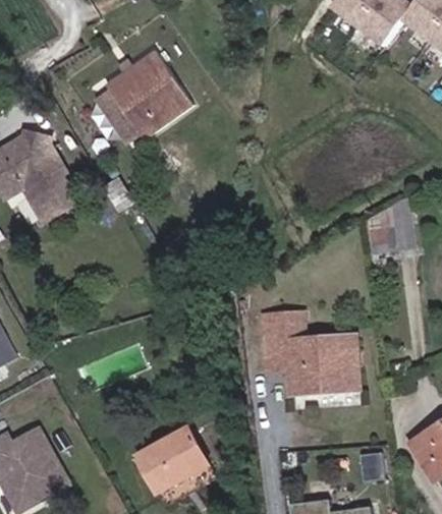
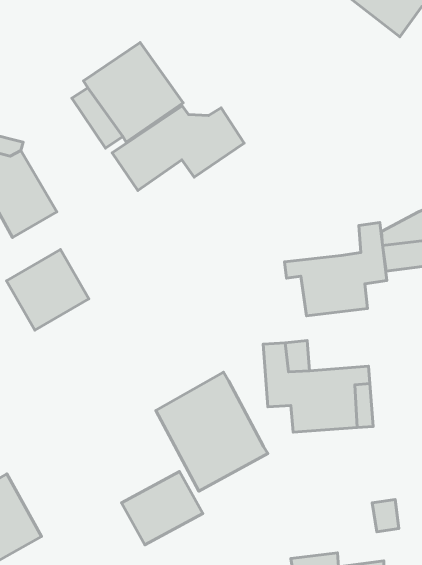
building: none -> [112,106,244,191]
building: none -> [285,223,387,316]
building: none -> [7,249,89,330]
building: none -> [156,372,268,491]

